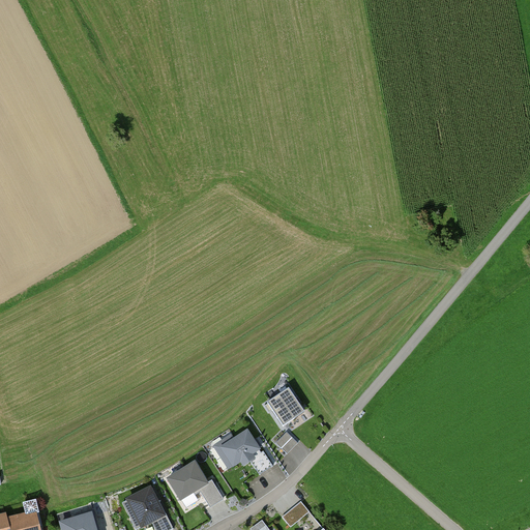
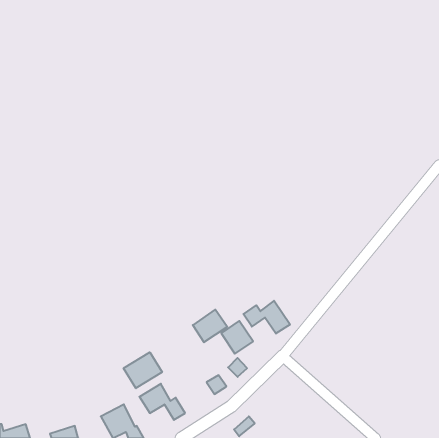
building: none -> [243,301,290,334]
building: none -> [124,352,162,388]
building: [218,429,260,468] -> [193,310,227,342]

